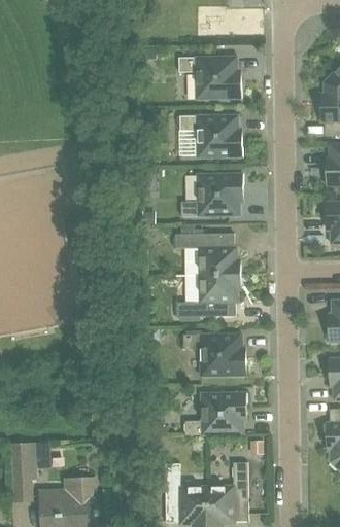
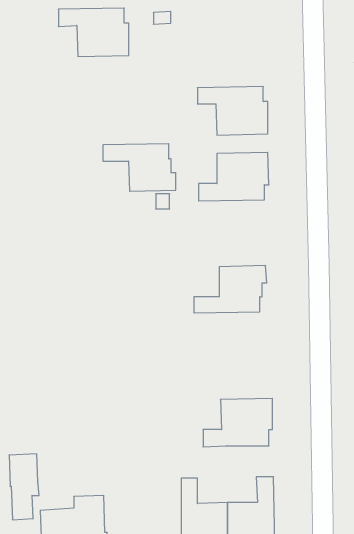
building: [178,56,241,99] -> [58,8,129,57]
building: [175,233,240,275] -> [103,144,176,191]
building: [182,333,246,376] -> none

